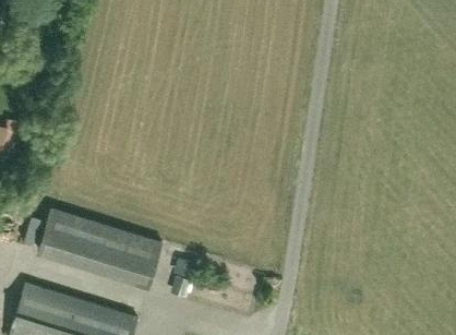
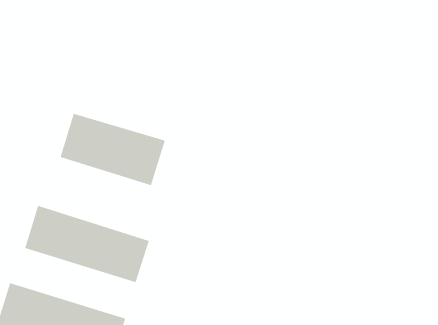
building: none -> [59,113,166,186]

